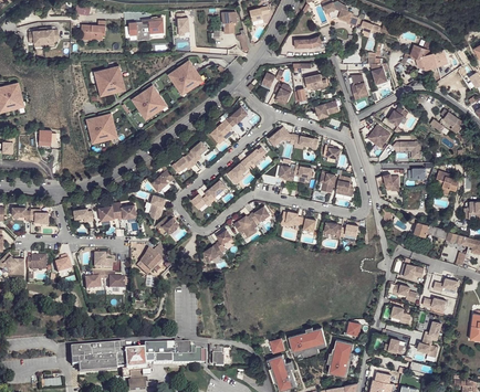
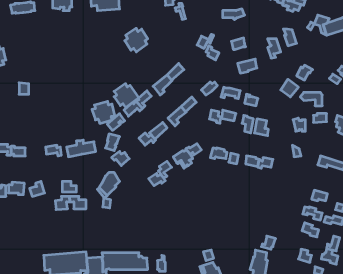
building: [94,65,124,95] -> none
building: [135,86,166,116] -> [114,84,139,107]
building: [87,114,116,141] -> [92,101,115,123]
building: [288,329,325,354] -> none

